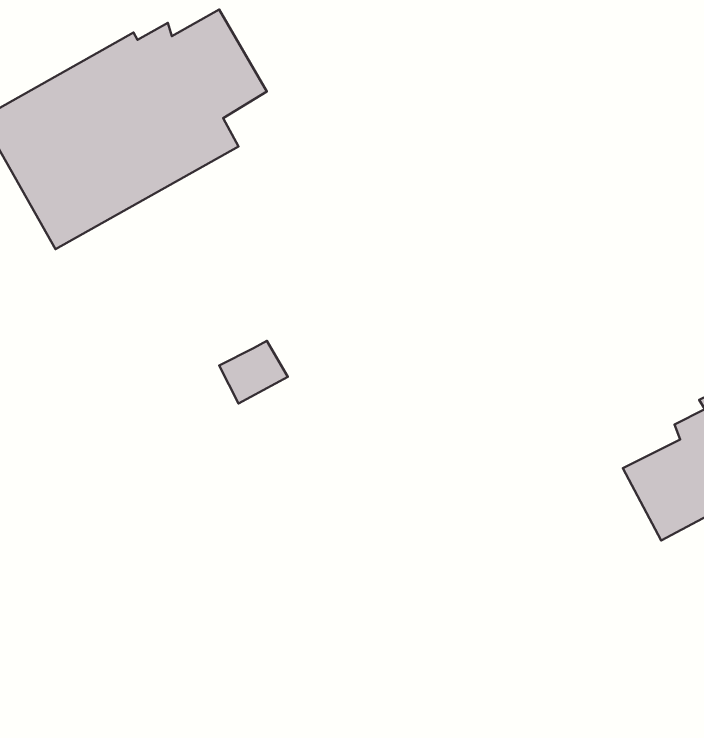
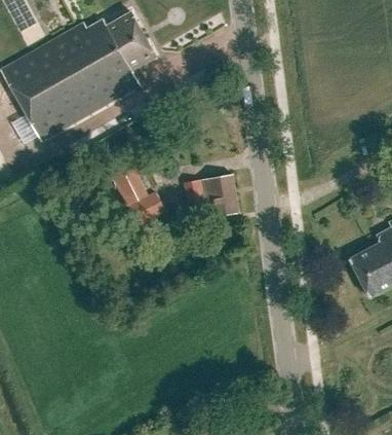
building: none -> [111,159,149,204]
building: none -> [184,173,239,218]

